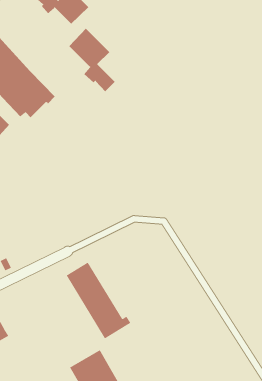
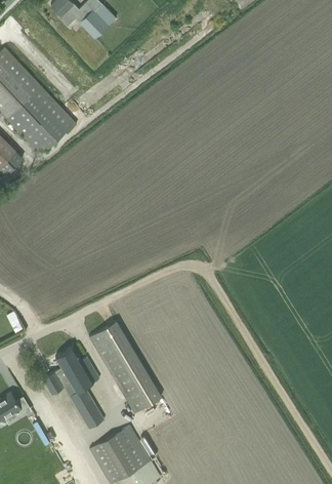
building: [69,28,116,92] -> none
building: none -> [42,347,103,428]

